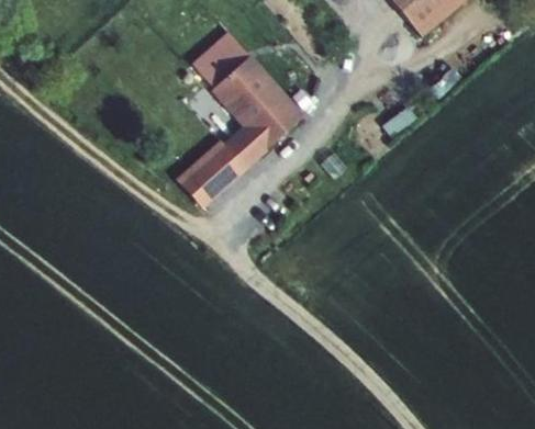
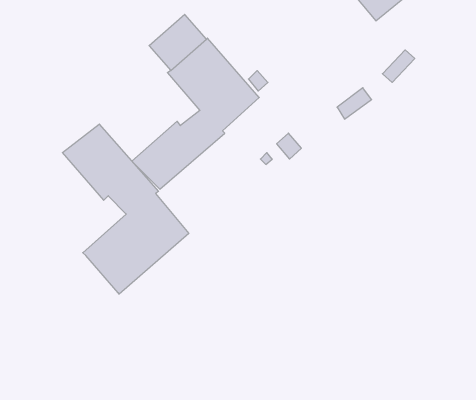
building: none -> [62,124,189,294]

